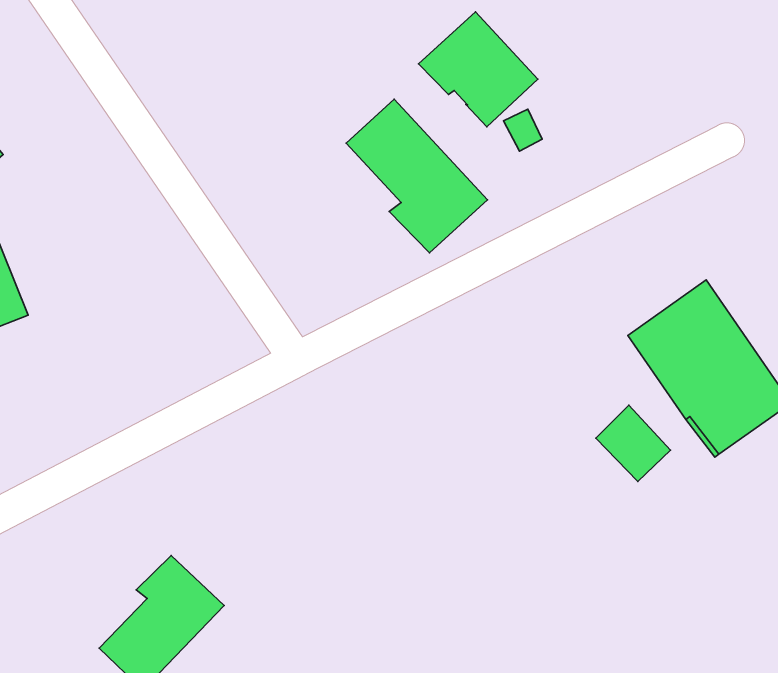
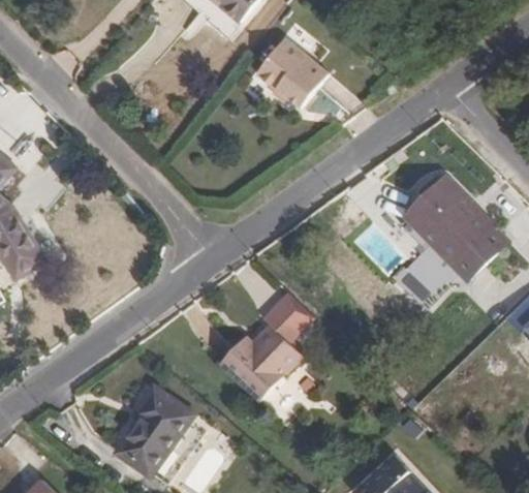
building: [346,99,488,253] -> none
building: none -> [220,292,314,400]

